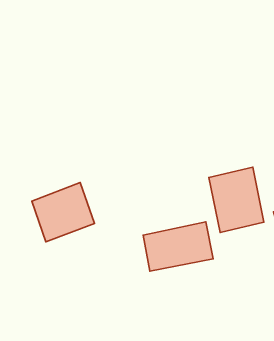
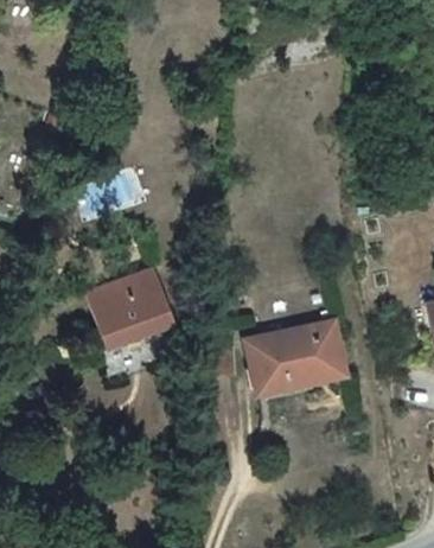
building: [209,167,264,232] -> none

